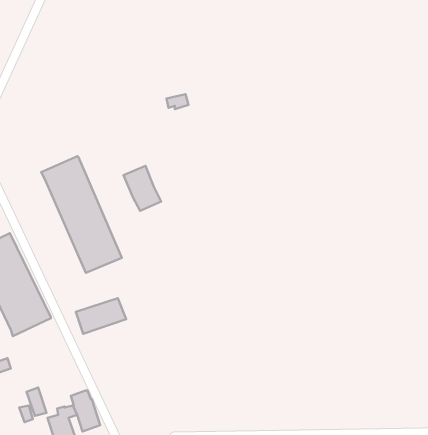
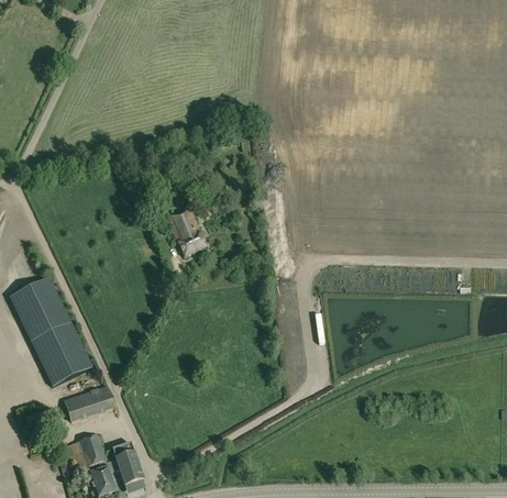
building: [41,156,122,273] -> none
building: [76,298,126,334] -> [64,385,117,422]
building: none -> [79,433,108,466]

